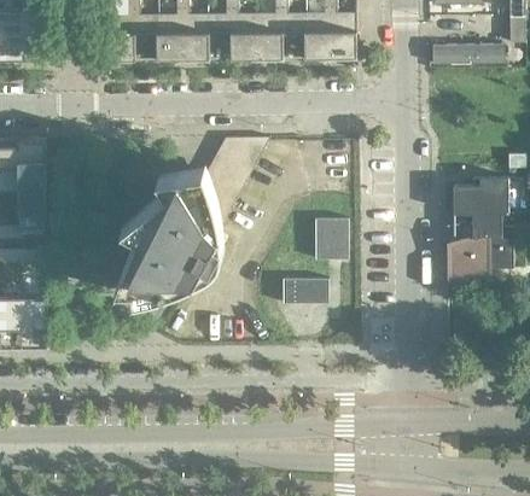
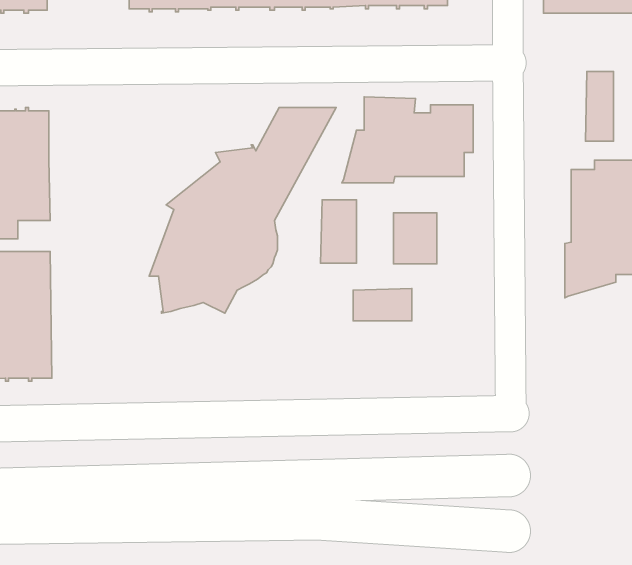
building: none -> [586,72,613,141]
building: none -> [342,97,473,183]
building: none -> [321,200,357,263]

